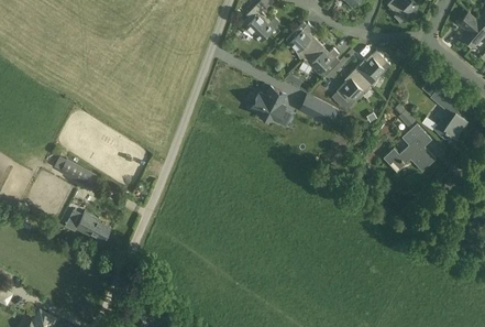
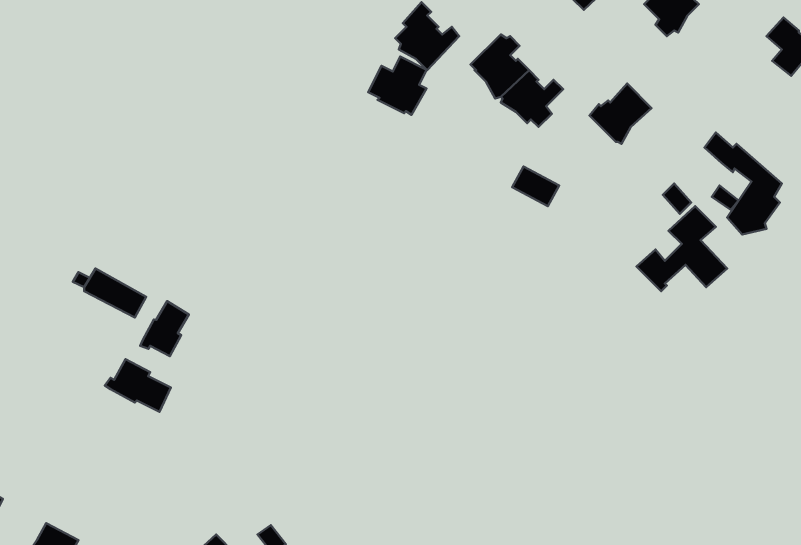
building: [335,69,371,106] -> none
building: [251,87,285,121] -> [368,56,427,115]
building: none -> [140,301,189,356]

